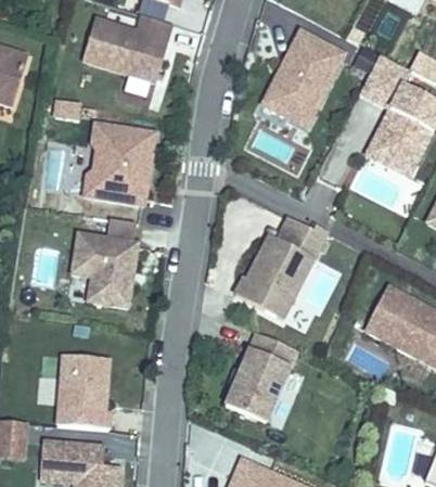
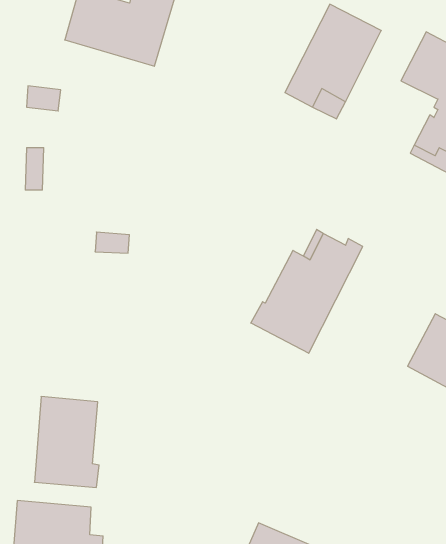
building: [82,123,154,204] -> none
building: [70,232,137,306] -> none
building: [225,332,296,422] -> none

